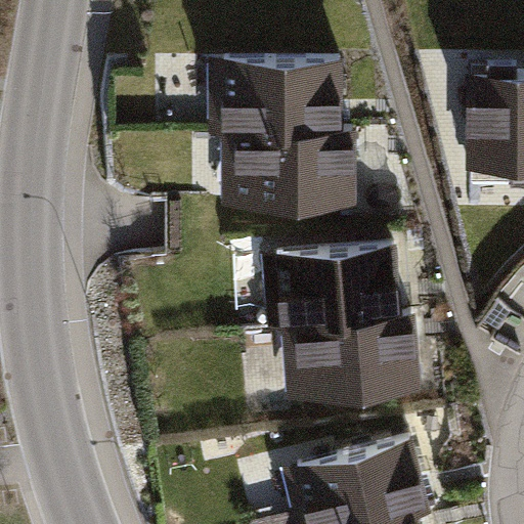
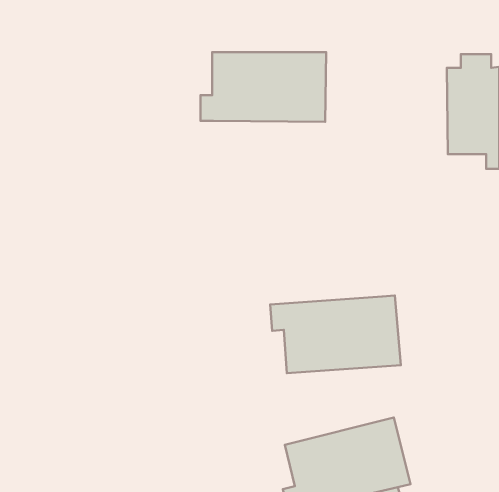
building: [222,136,353,209] -> none
building: [266,248,398,329] -> none

